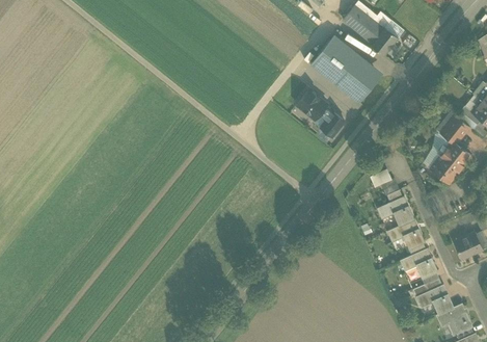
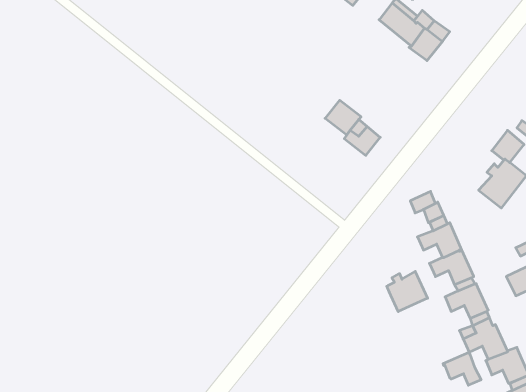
building: [309,33,382,102] -> none
building: none -> [387,271,428,312]
building: none -> [443,352,481,385]

